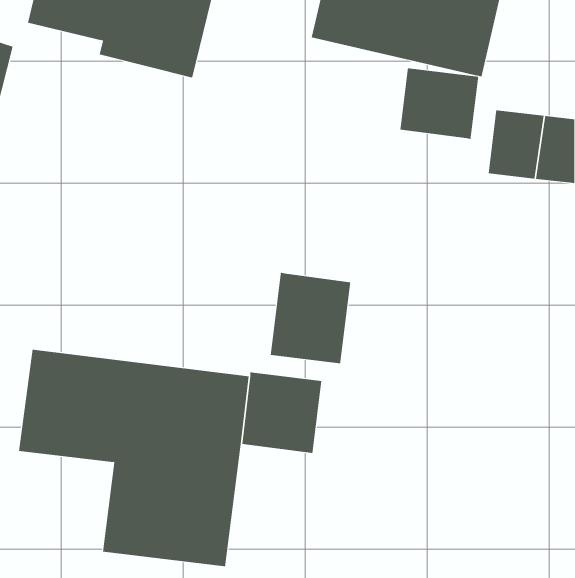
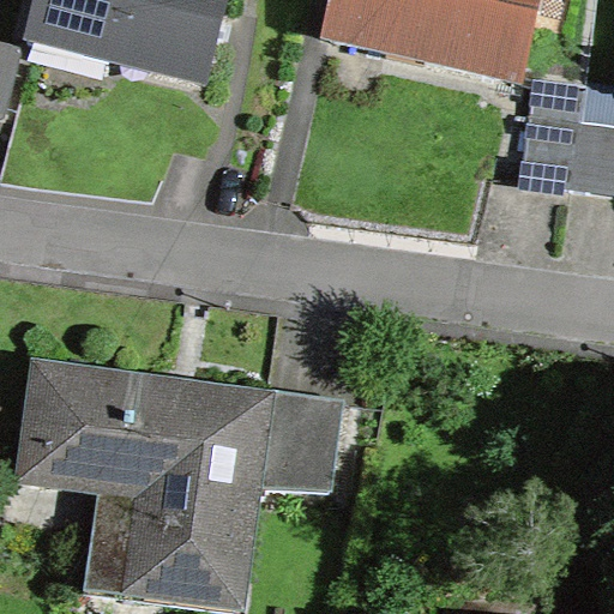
building: [400,67,479,140] -> none
building: [270,272,351,364] -> none

